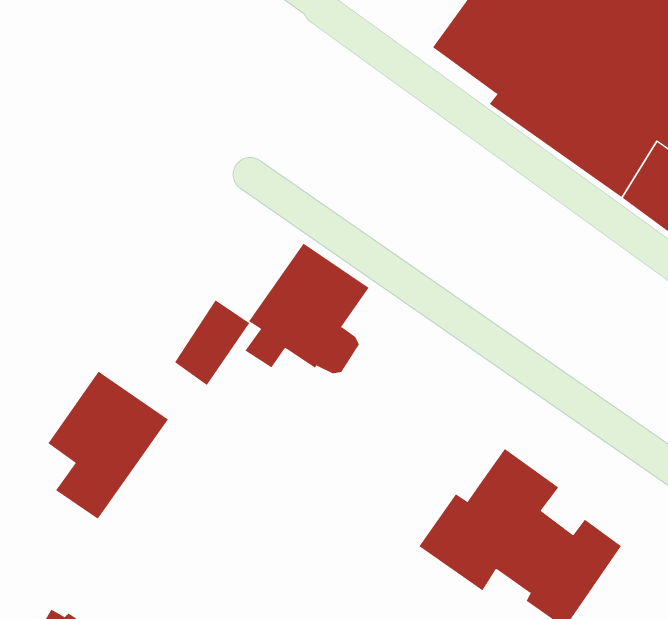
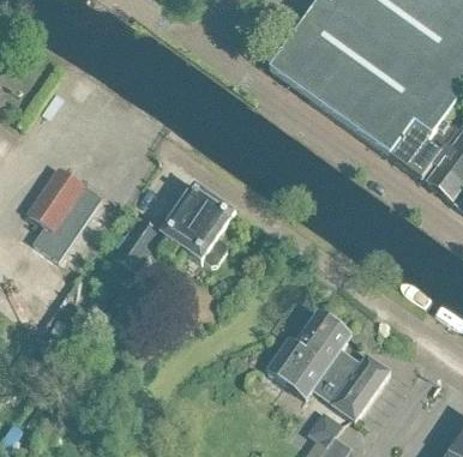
building: [47,371,169,519] -> [29,168,103,259]

